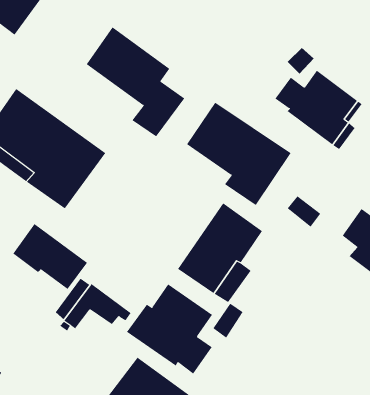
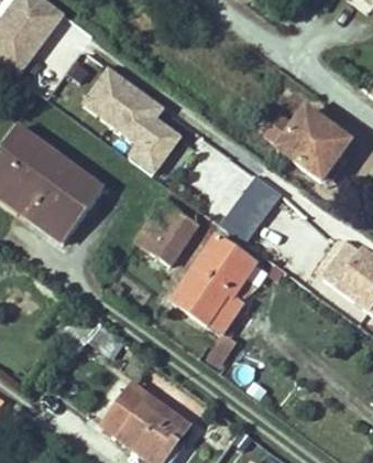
building: none -> [136,203,198,265]
building: [12,223,88,290] -> none
building: [126,284,213,374] -> none

